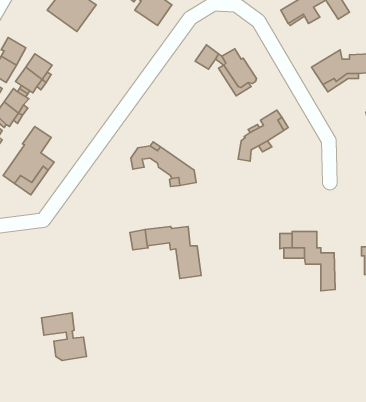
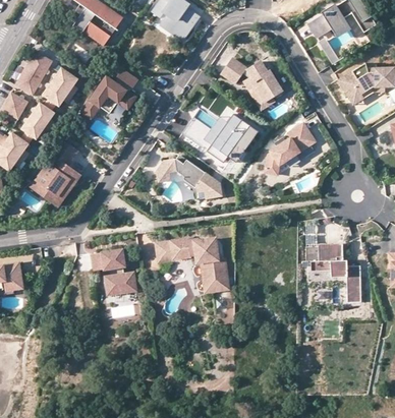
building: none -> [80,68,138,118]
building: none -> [181,114,259,163]
building: [42,313,87,361] -> [93,248,137,296]

